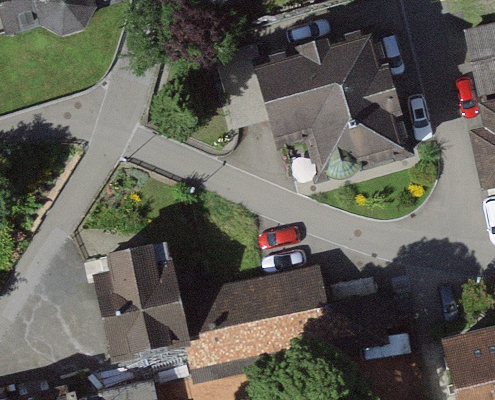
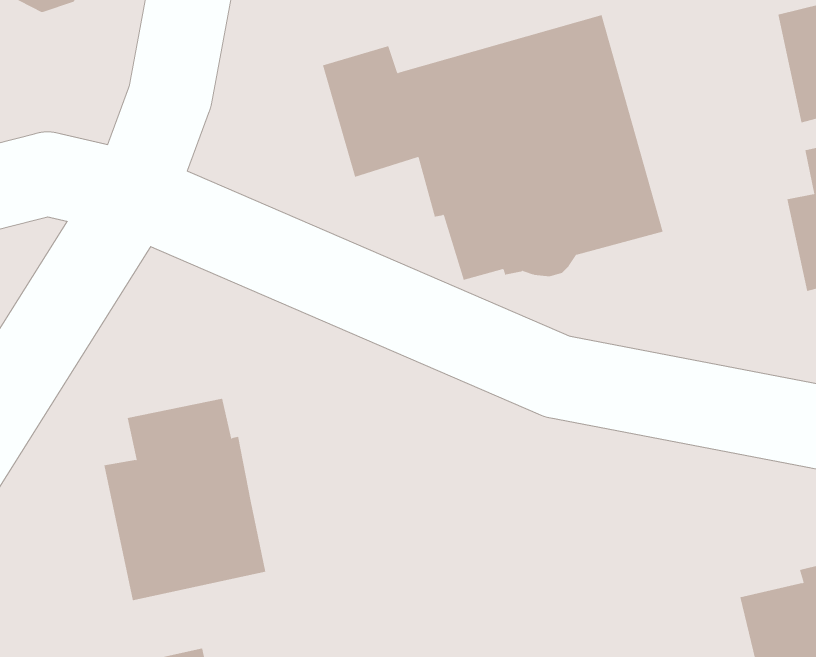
building: [180,273,397,380] -> none

